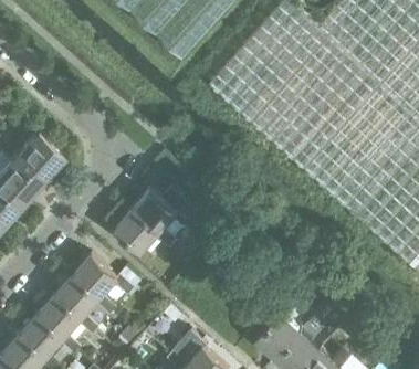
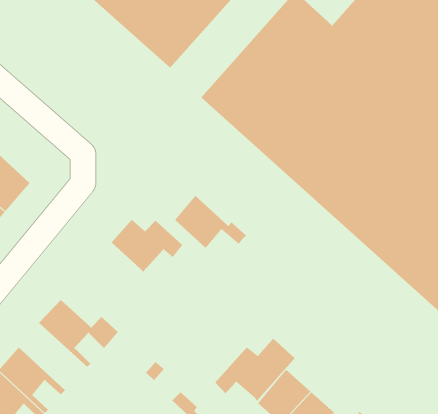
building: [115,207,176,252] -> [174,195,247,249]
building: [55,274,113,330] -> none
building: none -> [215,338,295,402]

